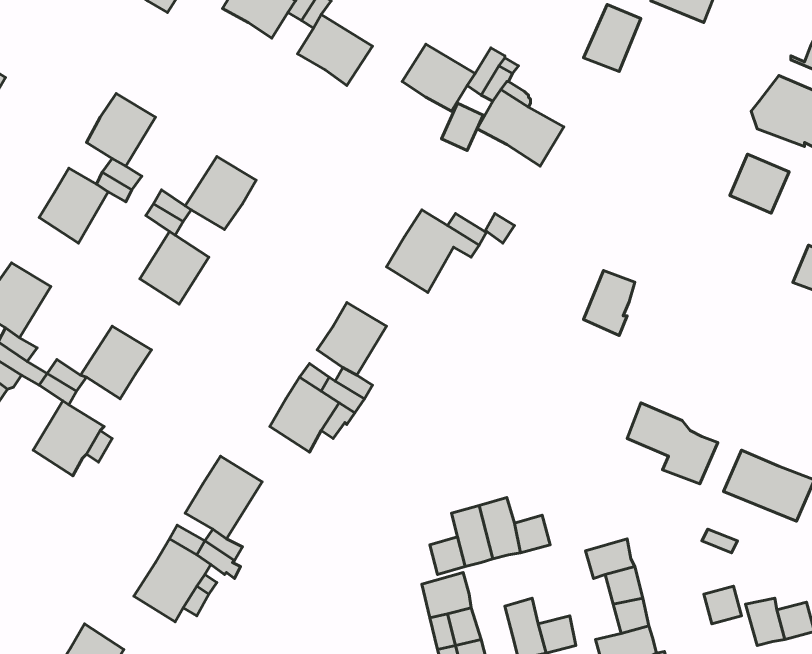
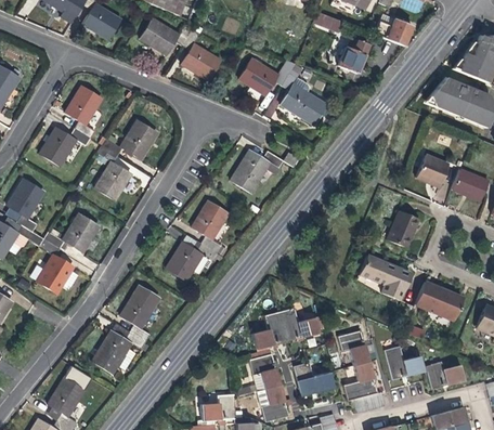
building: [730,154,789,213] -> [417,154,450,186]
building: [584,270,635,335] -> [389,211,417,247]
building: none -> [386,346,408,379]

